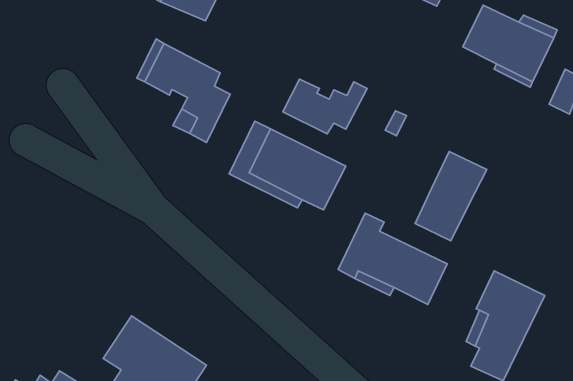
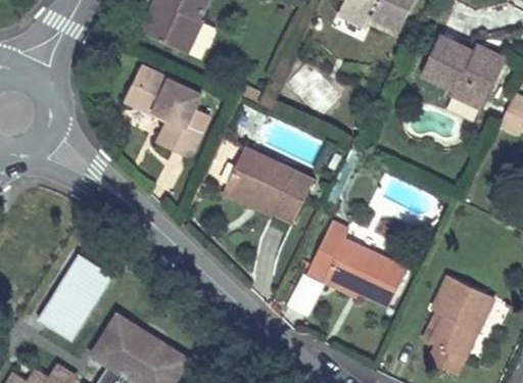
building: [283,79,367,134] -> none
building: [415,151,487,241] -> none
building: none -> [40,248,112,338]

